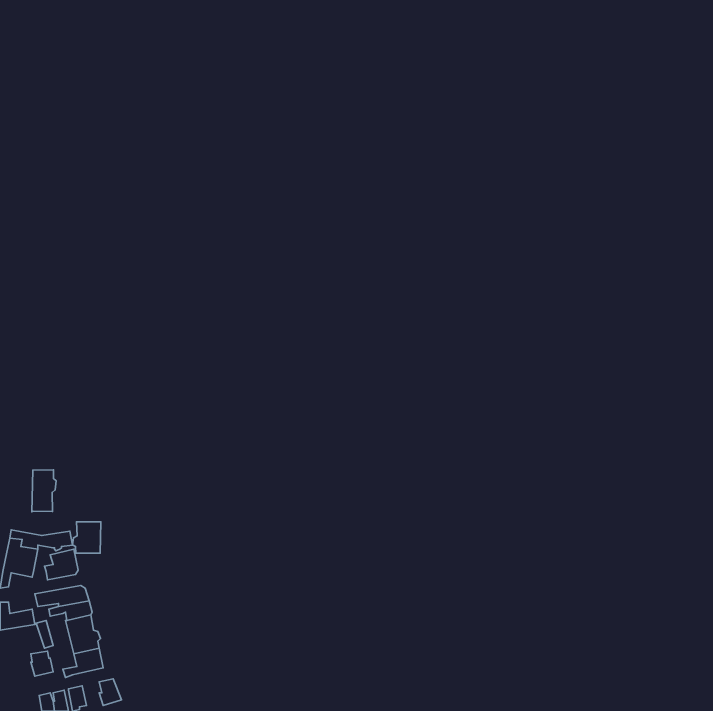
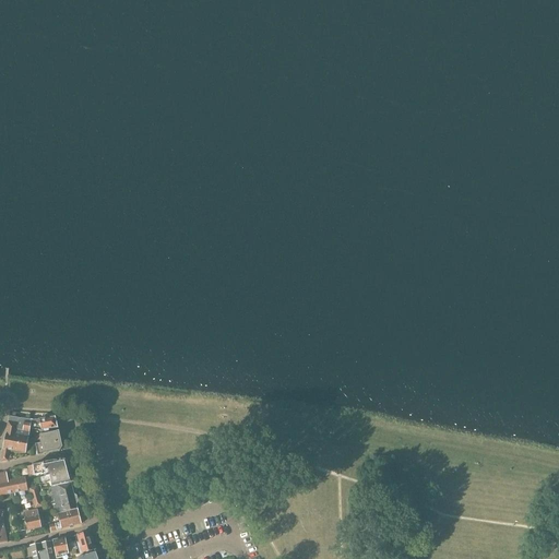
building: [32,470,56,512] -> none
building: [72,522,101,553] -> none

